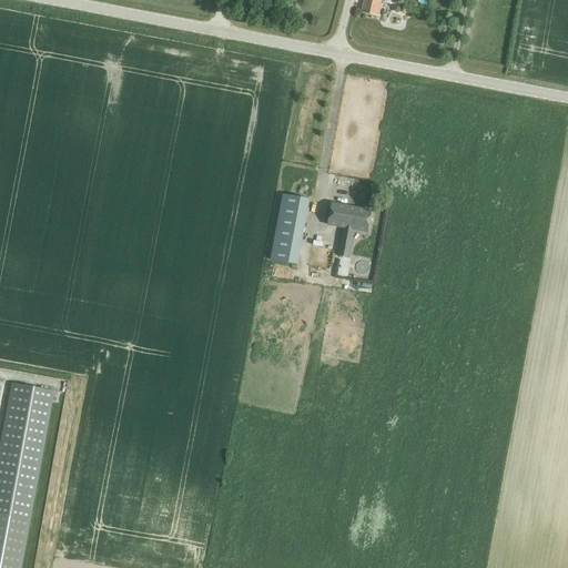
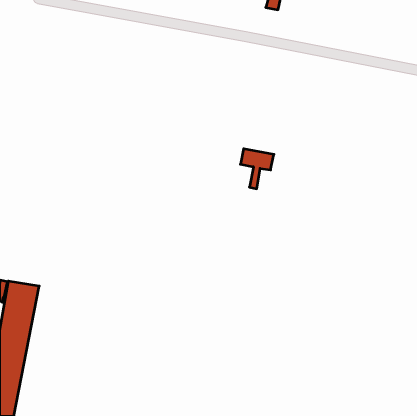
building: [274,206,302,262] -> none

